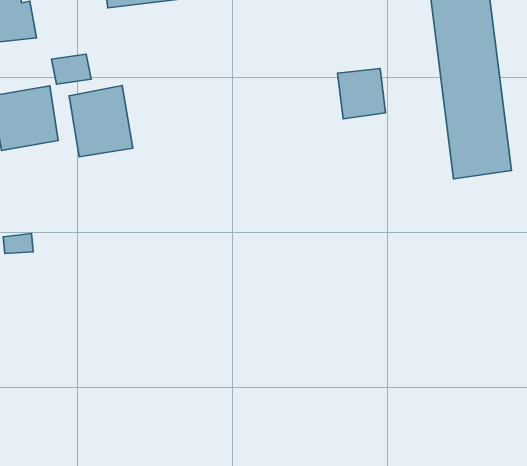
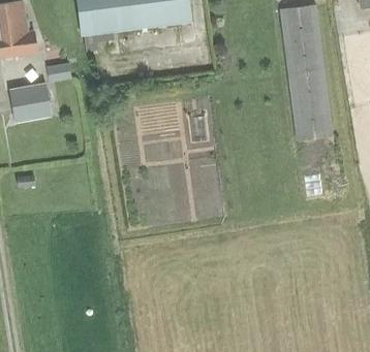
building: [338,68,385,119] -> none
building: [69,86,133,157] -> none

